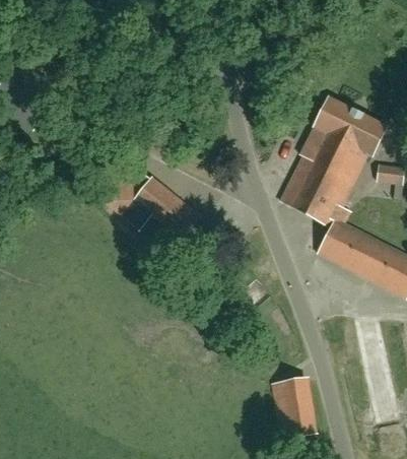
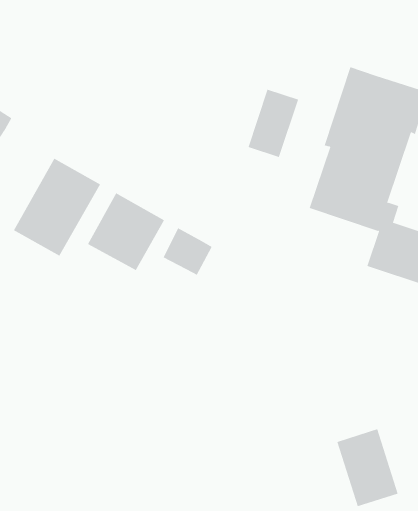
building: none -> [248,89,299,158]
building: none -> [13,158,101,257]

